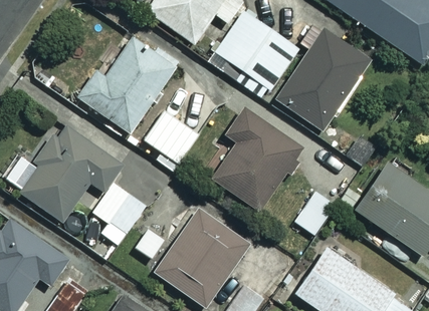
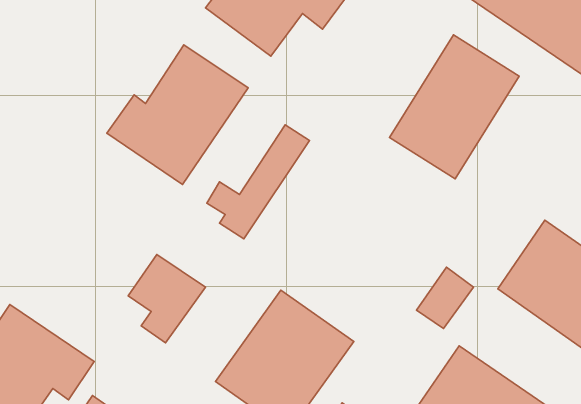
building: [215,11,299,78] -> none
building: [212,109,302,212] -> none
building: [18,123,122,222] -> none

